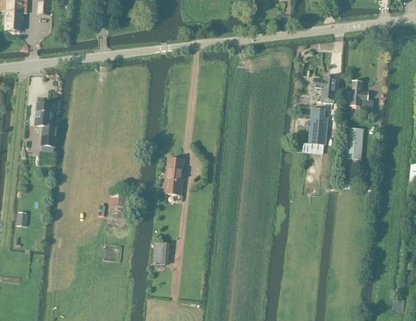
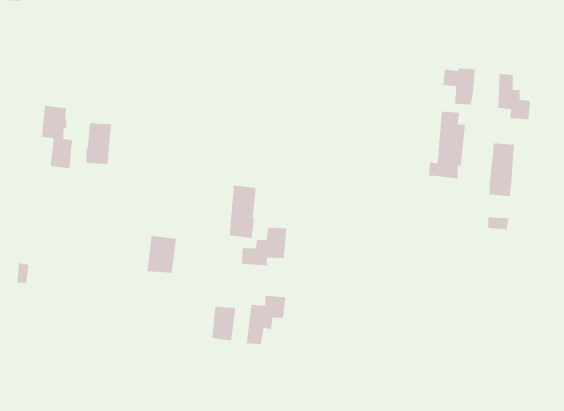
building: none -> [86,123,112,165]
building: none -> [242,227,287,266]
building: none -> [246,295,286,345]

